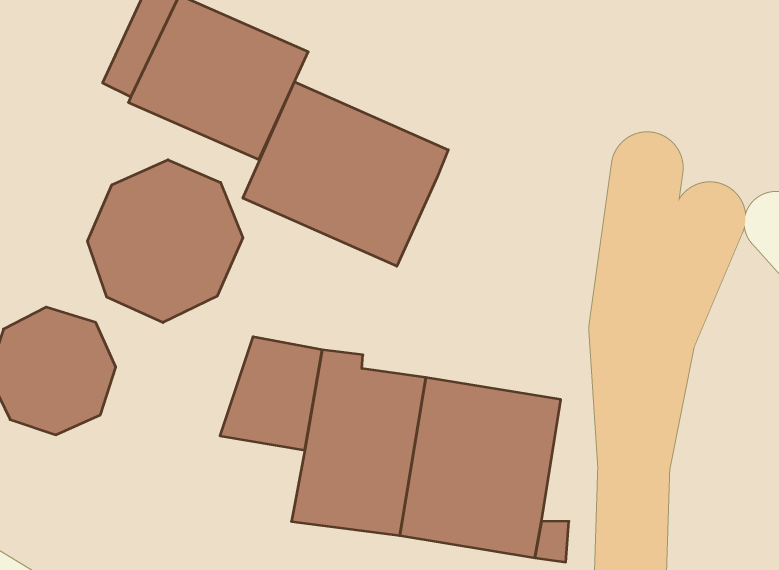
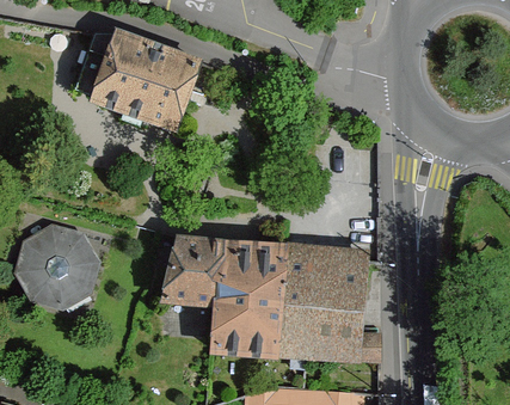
building: [243,82,448,266] -> none
building: [88,160,243,323] -> none

